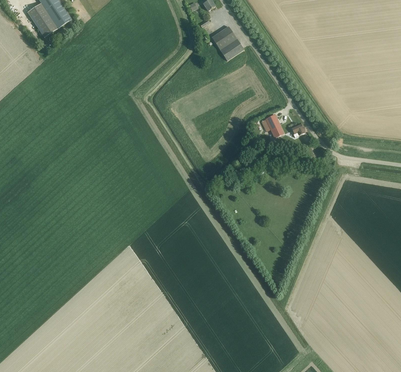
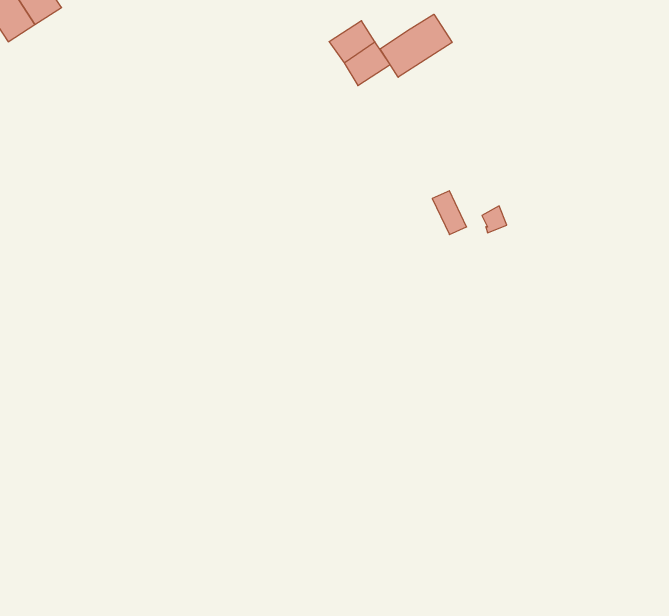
building: none -> [380,14,452,77]

